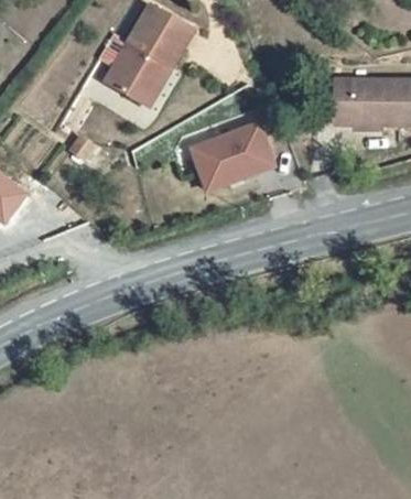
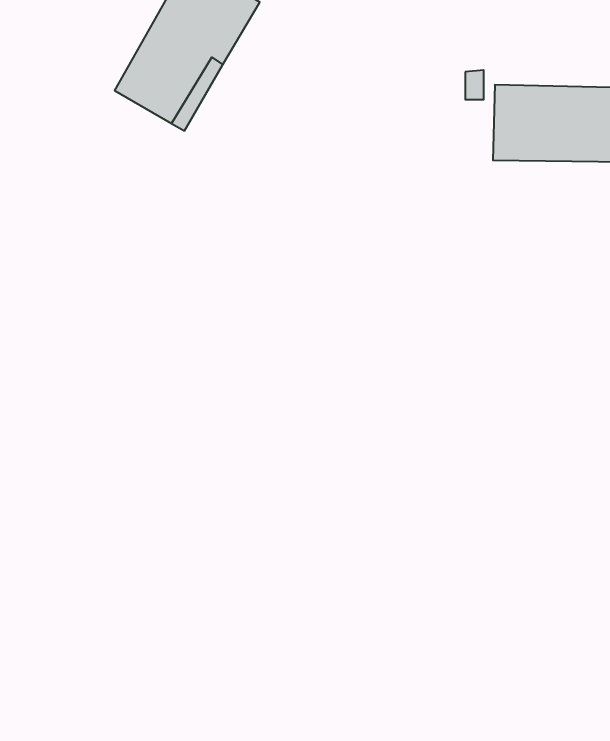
building: [186,118,277,193] -> none

